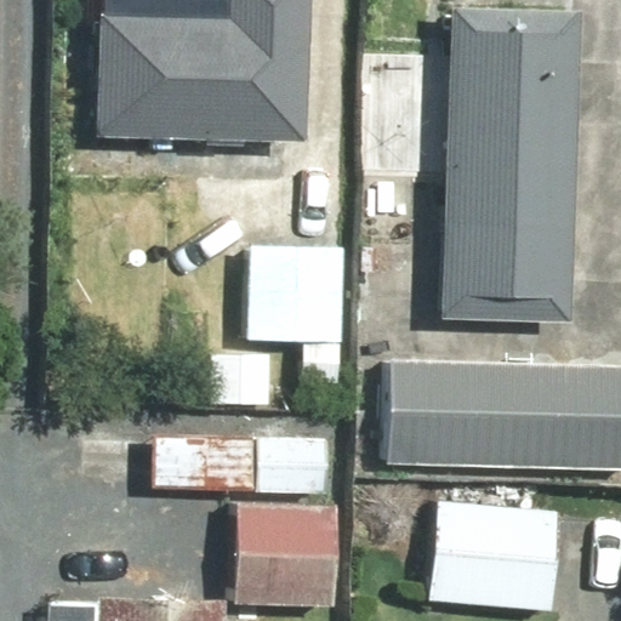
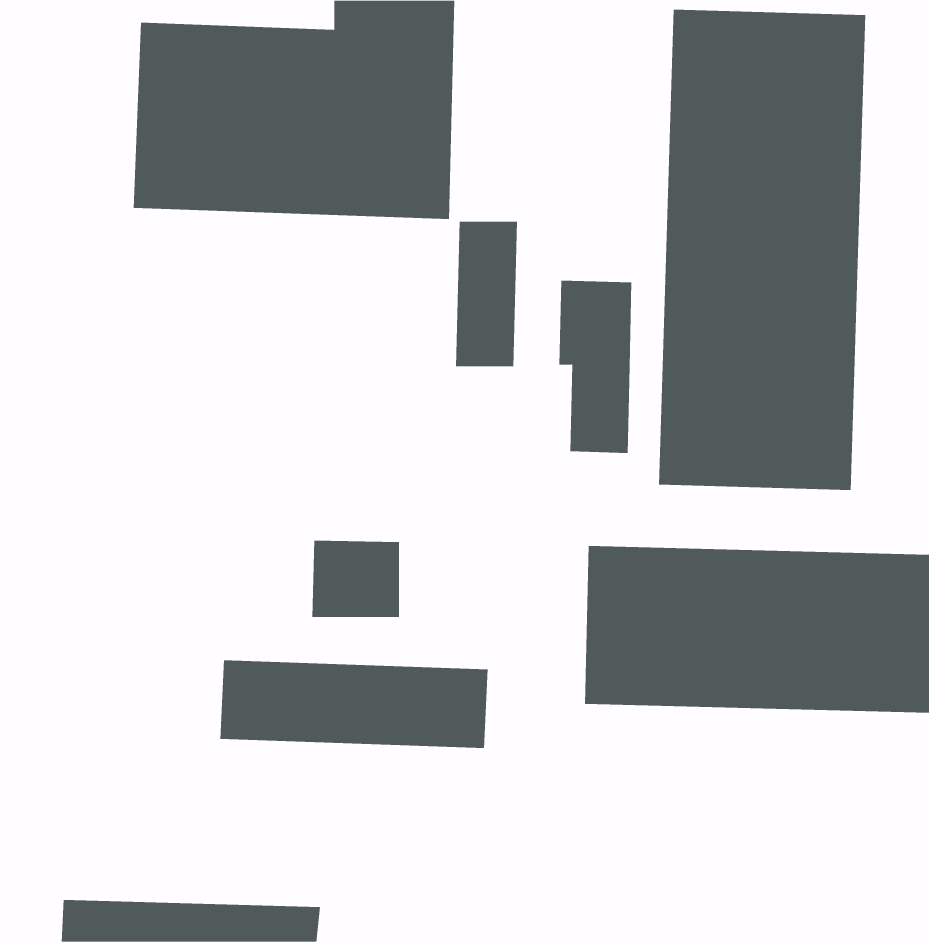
building: [249,245,346,381] -> none
building: [432,500,563,610] -> none
building: [233,502,338,603] -> none

